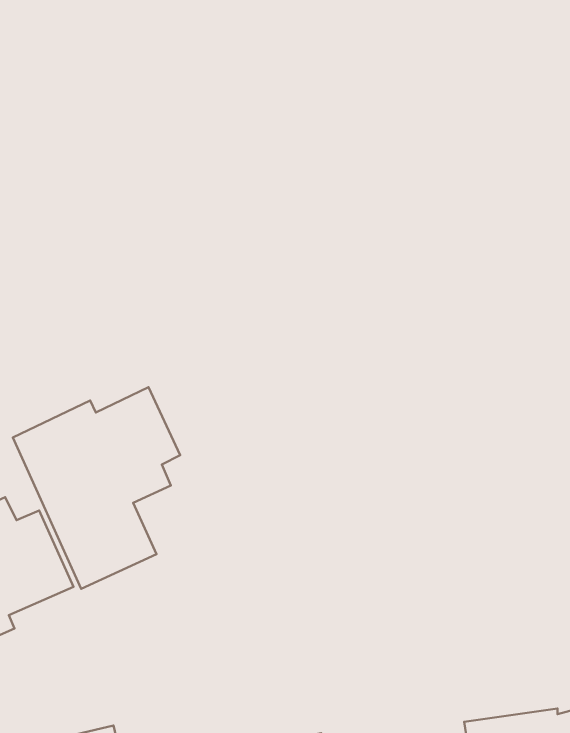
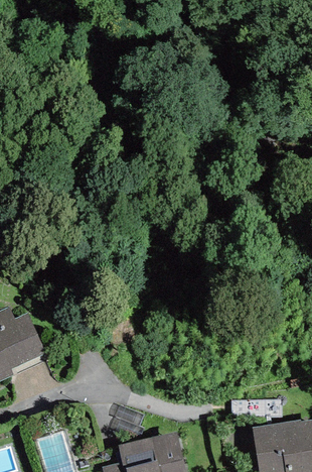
building: [13,387,180,589] -> none

